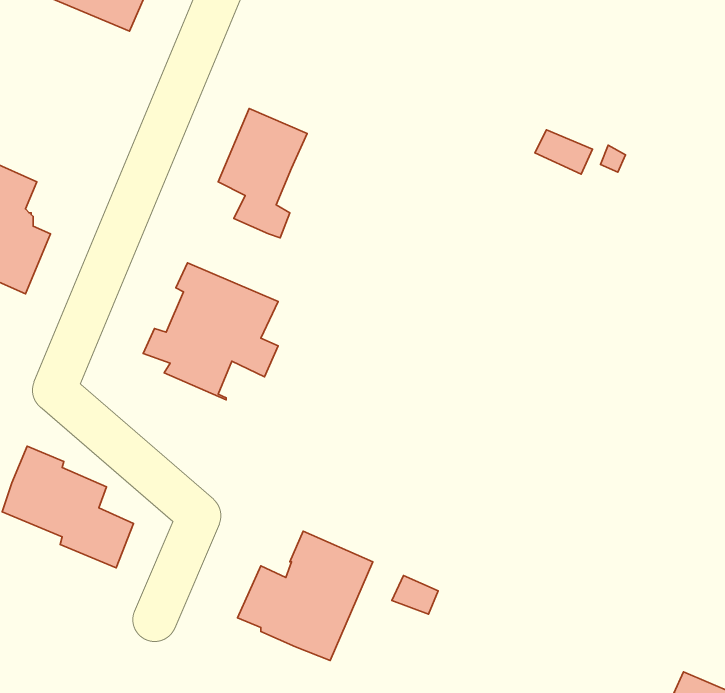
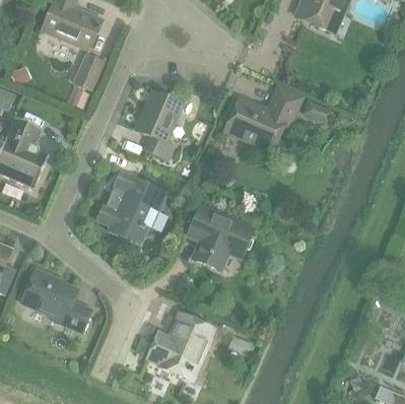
building: none -> [74,54,104,89]
building: none -> [223,87,301,157]
building: none -> [188,206,254,269]

